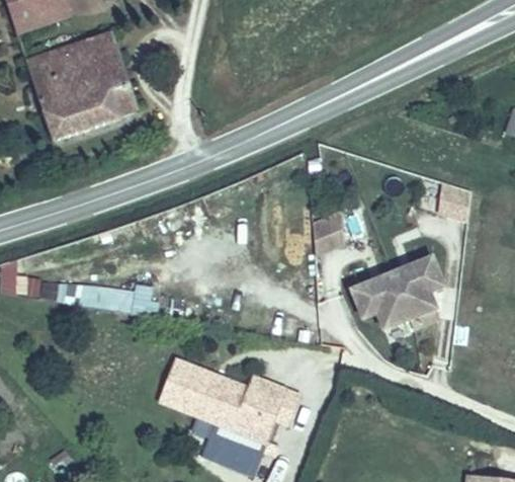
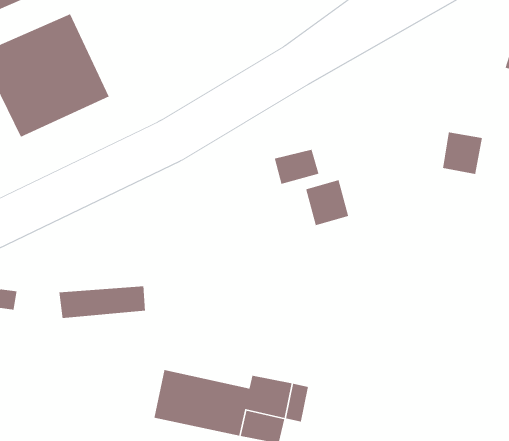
building: none -> [274,149,319,185]
building: [346,252,437,325] -> none

